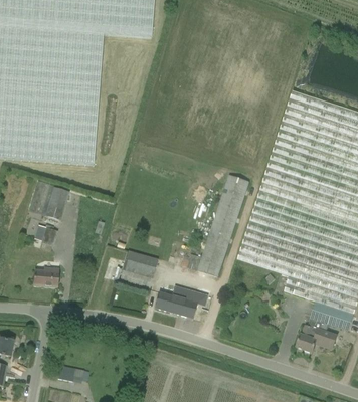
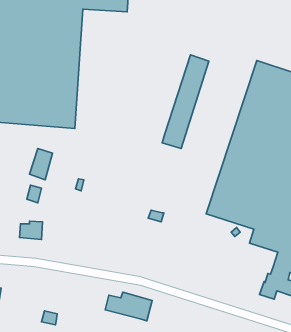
building: [198,172,249,274] -> [162,55,209,148]
building: [120,256,156,286] -> none
building: [156,286,207,318] -> [105,292,152,321]

